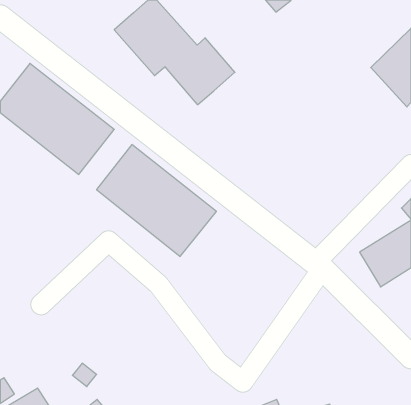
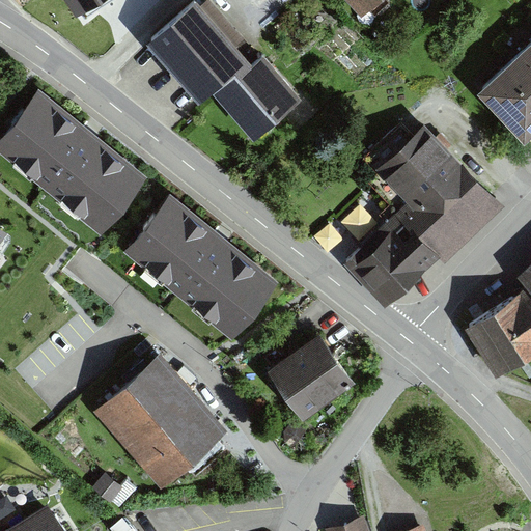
building: none -> [352,122,496,305]
building: none -> [263,338,348,421]
building: none -> [95,359,222,487]

